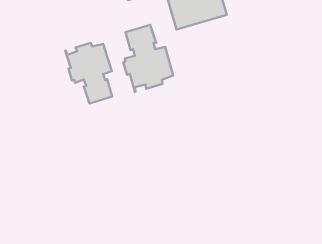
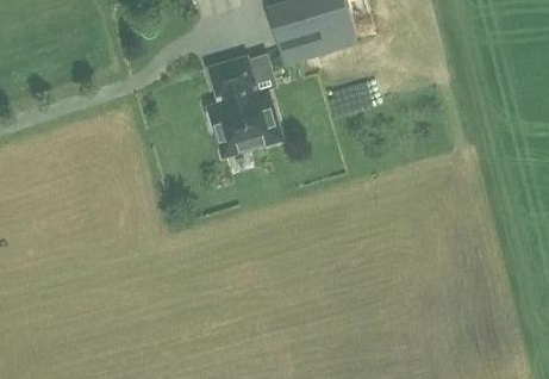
building: [65,43,112,103] -> none

